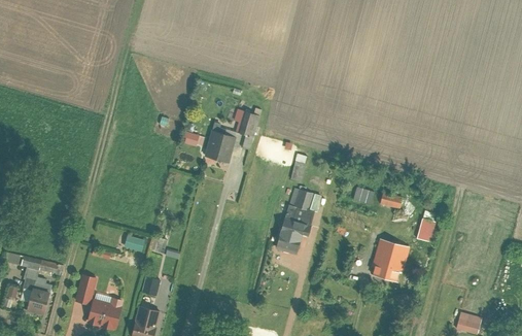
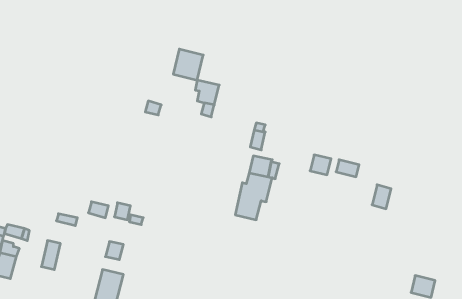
building: [204,130,235,162] -> [173,49,203,80]
building: [370,238,410,281] -> none
building: [88,299,121,330] -> none

